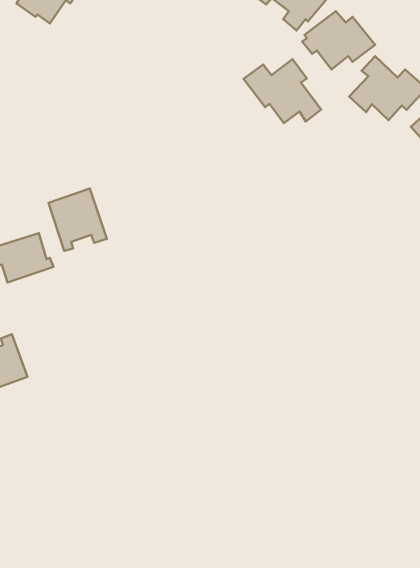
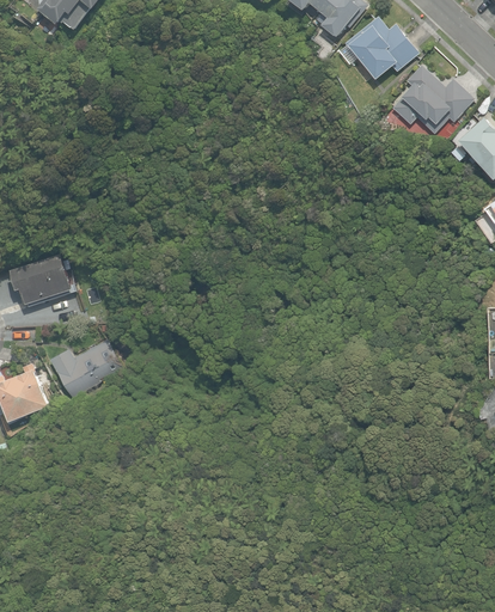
building: [243,59,321,123] -> none
building: [49,188,107,251] -> none
building: none -> [49,338,123,398]

